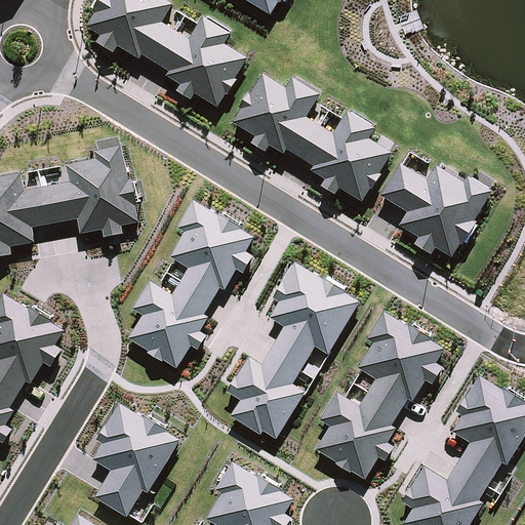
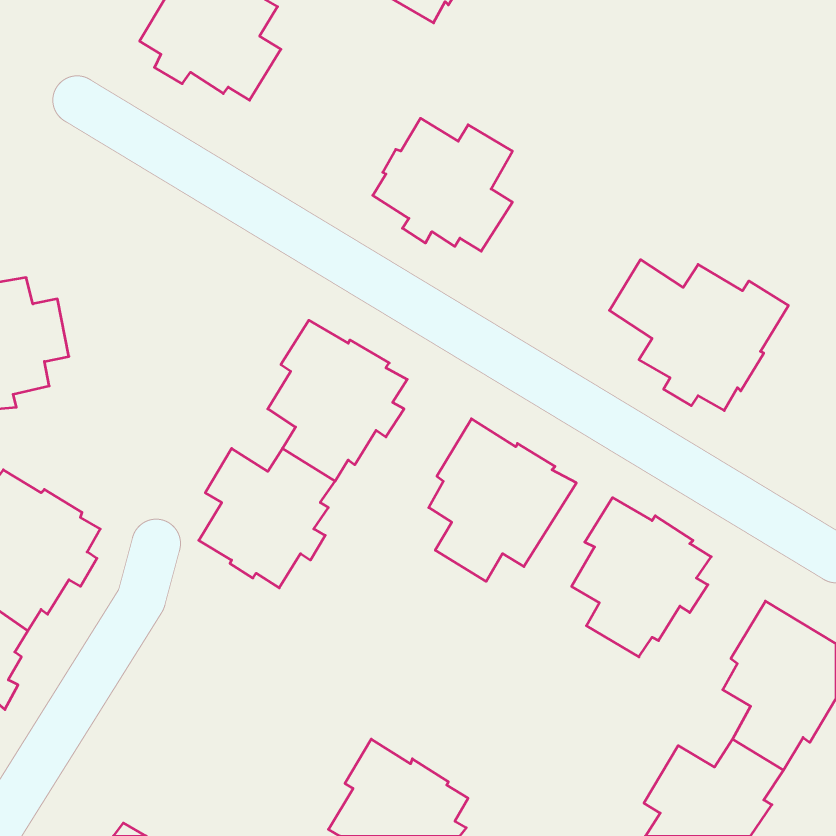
building: [156,16,247,107] -> none
building: [300,111,392,201] -> none
building: [36,145,135,237] -> none
building: [225,344,304,438] -> none
building: [315,391,399,478] -> none
building: [92,403,179,516] -> none

